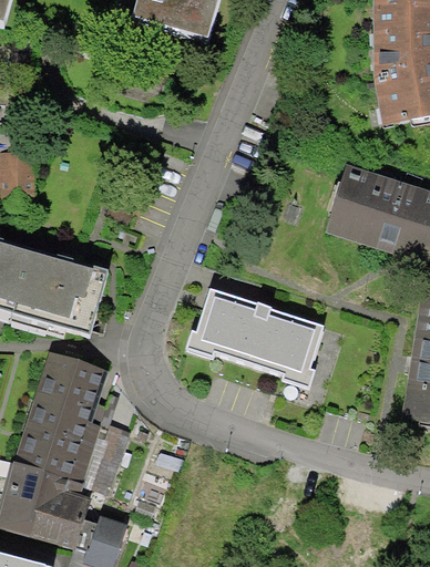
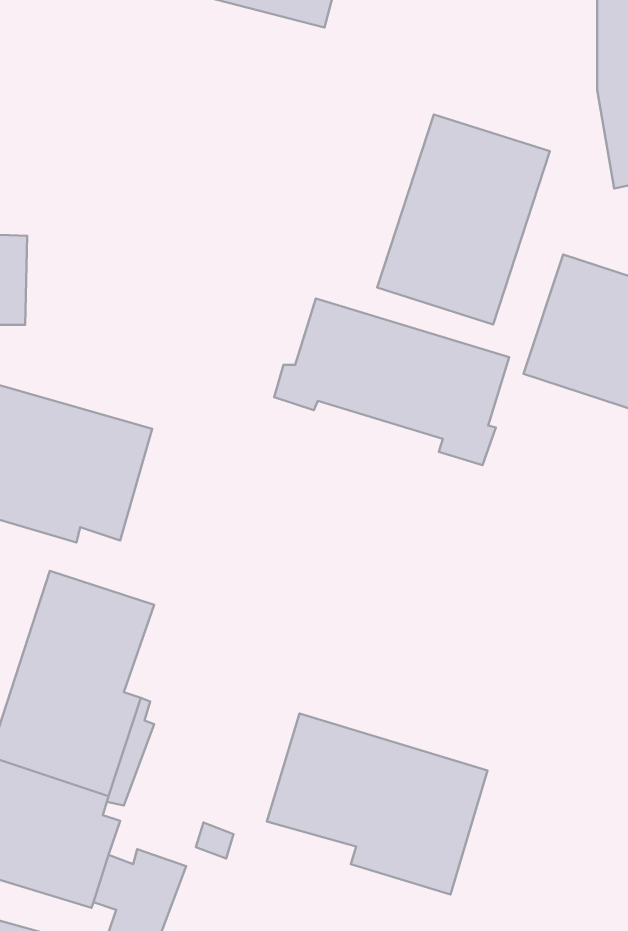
building: none -> [377,114,550,324]
building: [187,295,325,392] -> [274,299,509,465]
building: [91,422,130,493] -> none
building: none -> [267,713,487,895]

